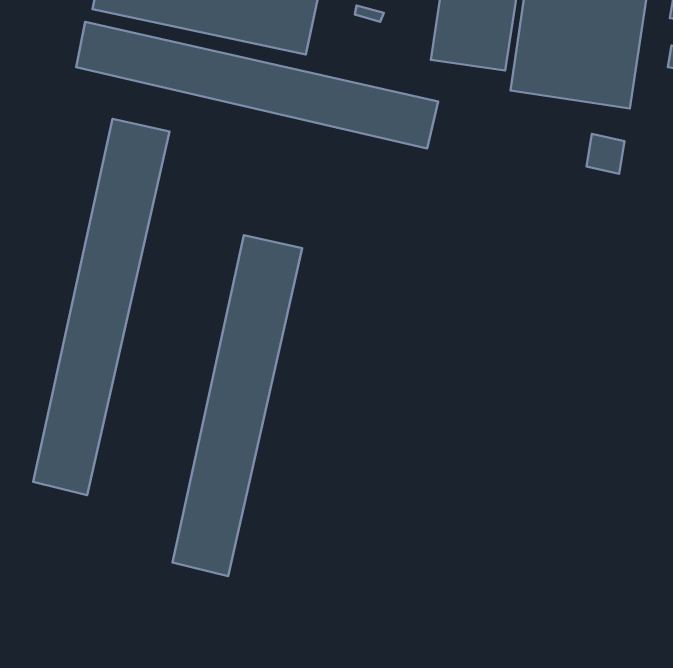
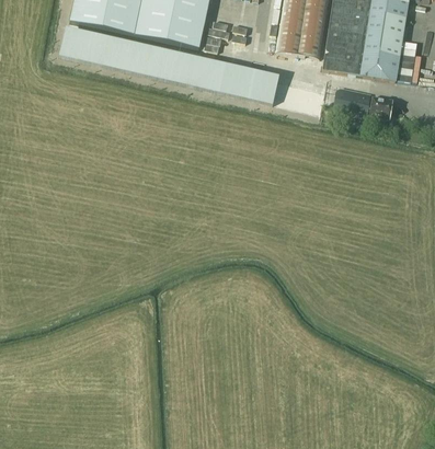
building: [33,119,169,495] -> none
building: [173,235,302,576] -> none

